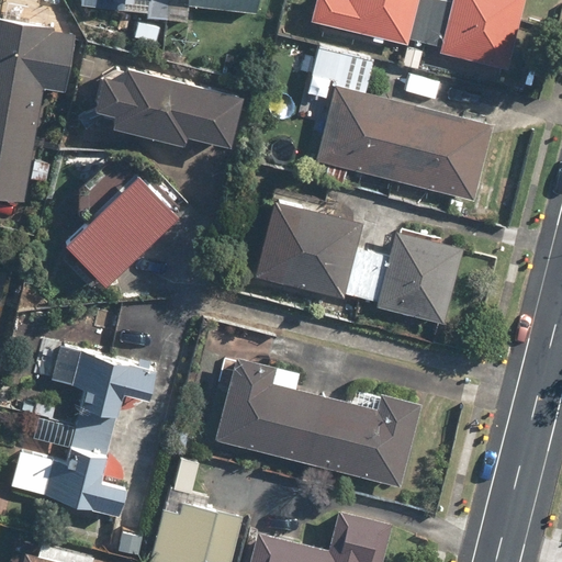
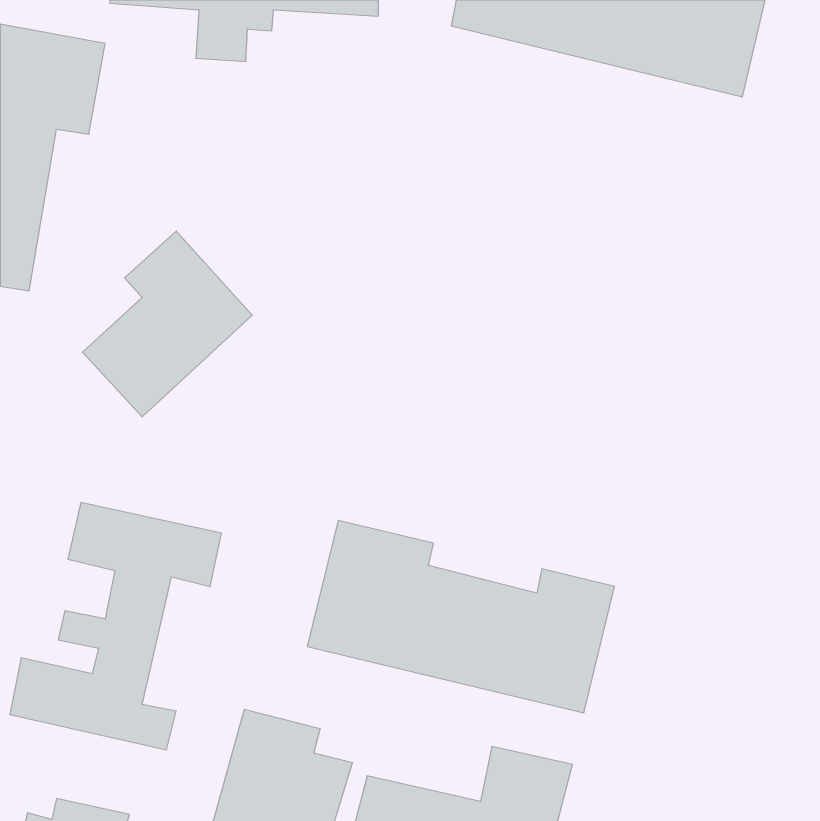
building: [307,43,494,201] -> none
building: [91,67,240,145] -> none
building: [252,186,463,325] -> none

